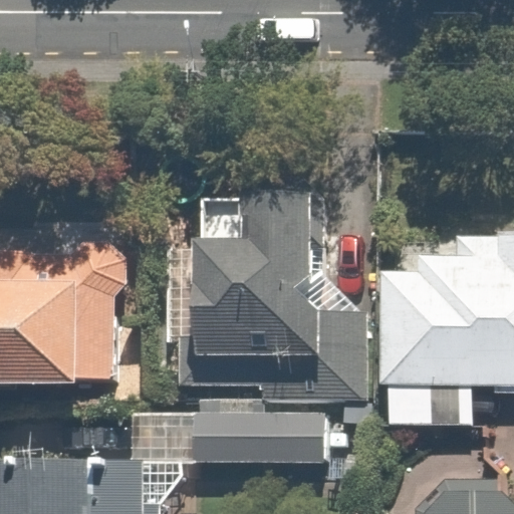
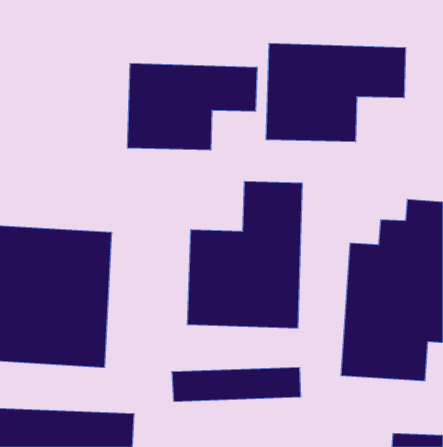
building: none -> [266,43,406,142]
building: none -> [128,63,257,150]

